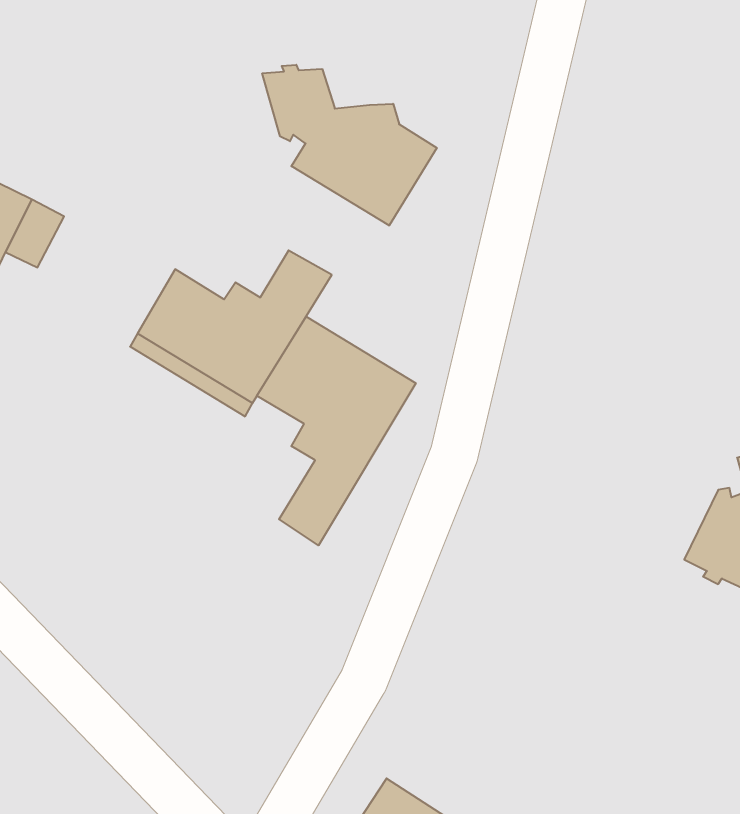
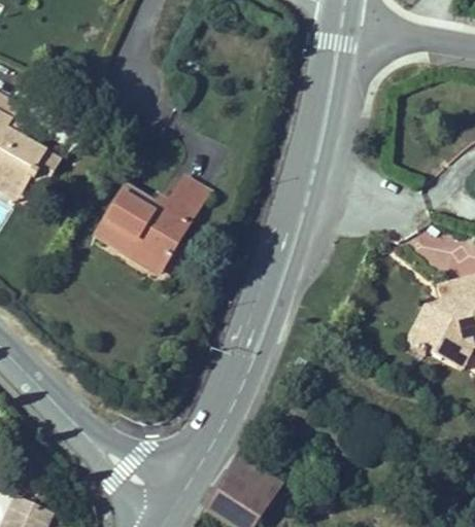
building: [262,65,437,226] -> none
building: [257,317,416,545] -> none

